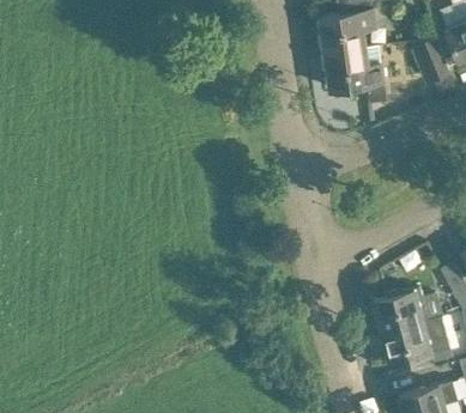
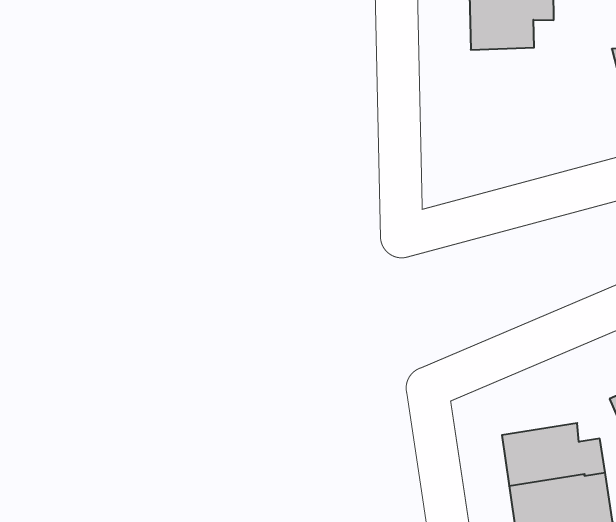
building: [325,47,385,91] -> none

